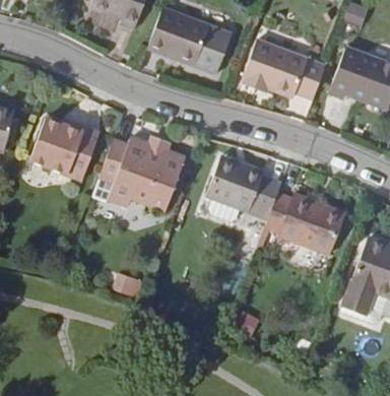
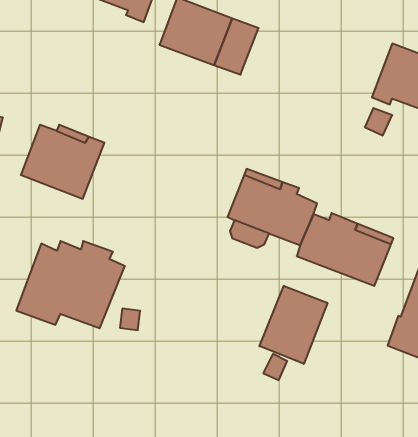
building: [240,41,325,100] -> none
building: [93,136,186,210] -> [16,241,125,328]
building: none -> [259,286,327,364]

